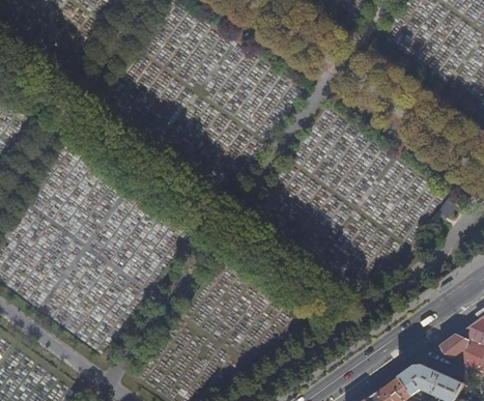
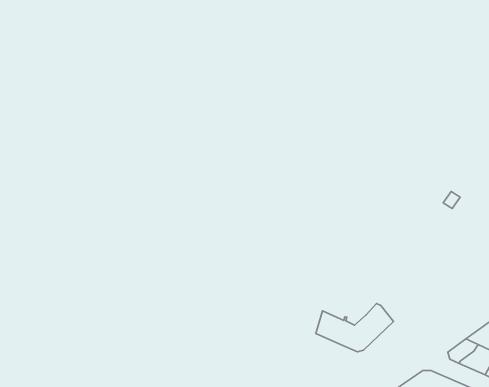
building: none -> [316,303,393,352]

